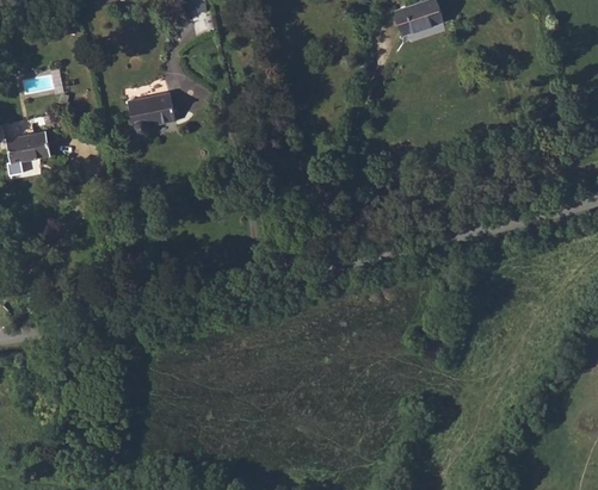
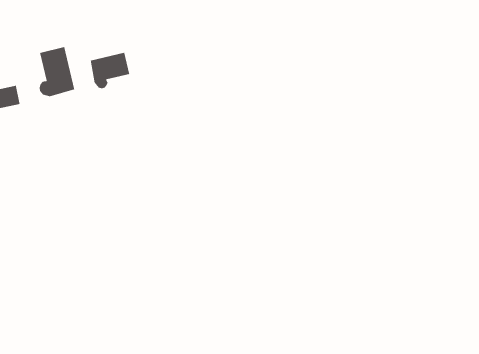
building: none -> [39,46,75,97]

